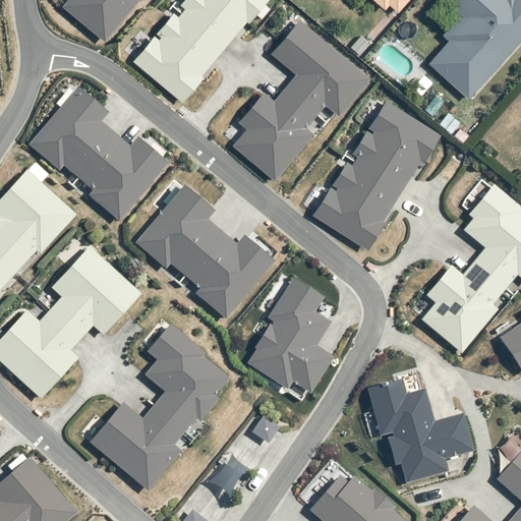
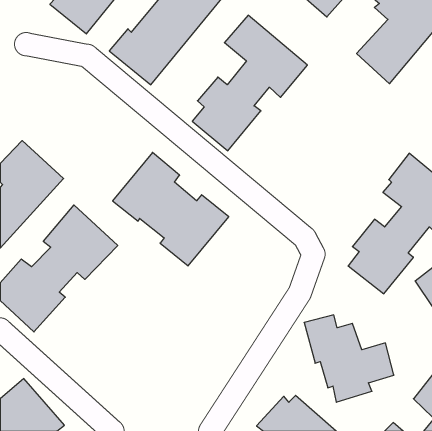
building: [28,85,168,221] -> none
building: [311,100,441,250] -> none
building: [249,275,332,391] -> none
building: [90,327,232,493] -> none

